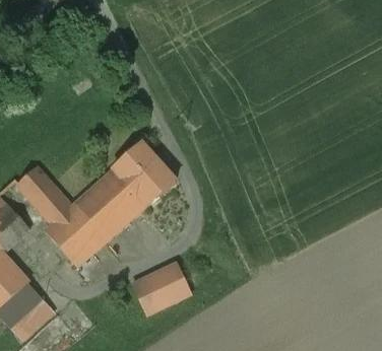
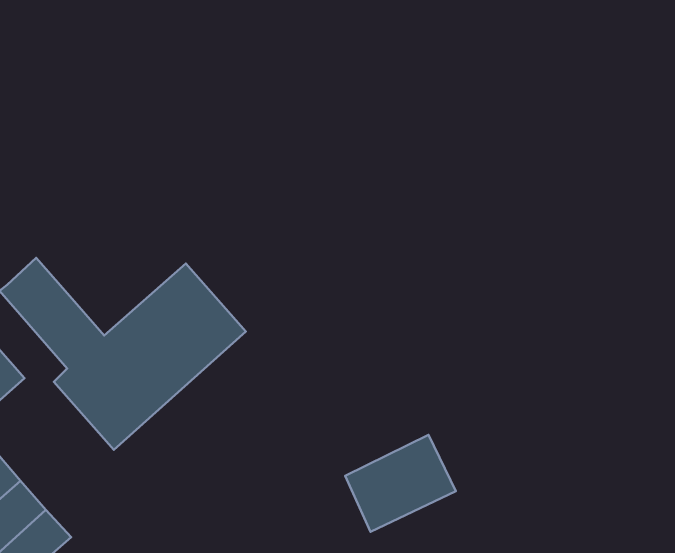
building: [112,141,176,206] -> none
building: [132,263,190,313] -> [345,435,456,532]

